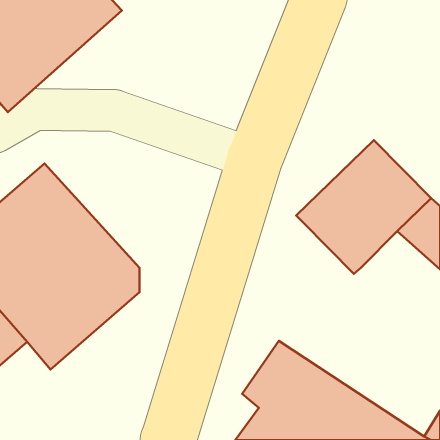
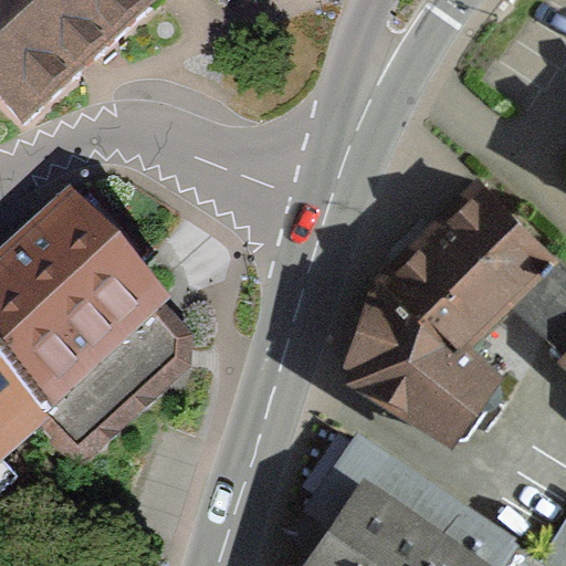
building: none -> [352,282,490,428]

